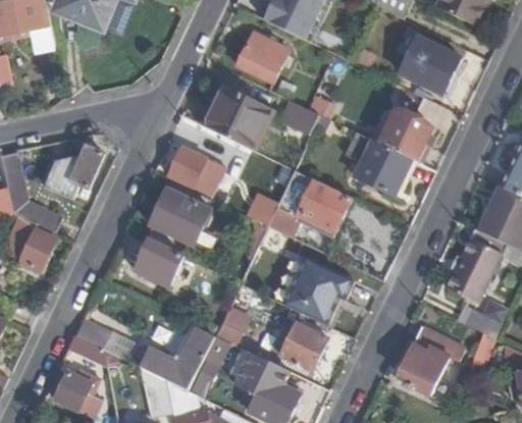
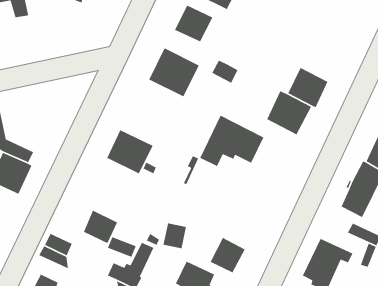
building: [399,37,459,94] -> none
building: [44,146,102,198] -> none
building: [170,147,219,191] -> none
building: [137,242,181,285] -> [83,209,118,244]
building: [288,262,353,325] -> none

